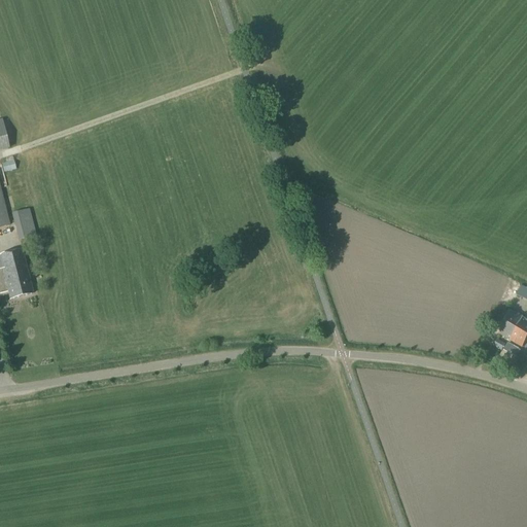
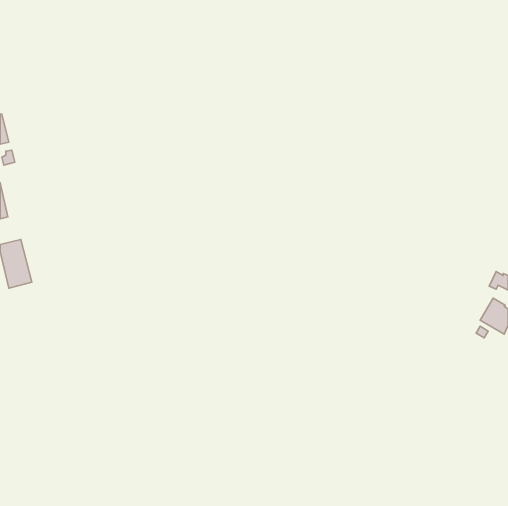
building: [11,208,36,239] -> none

